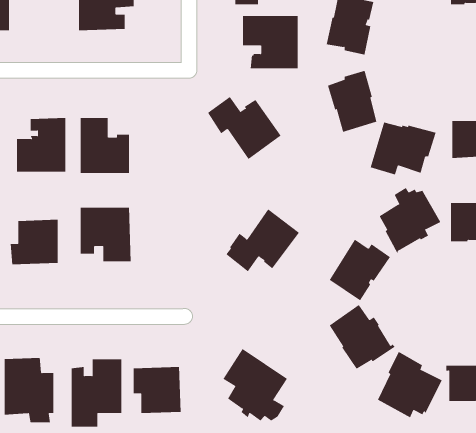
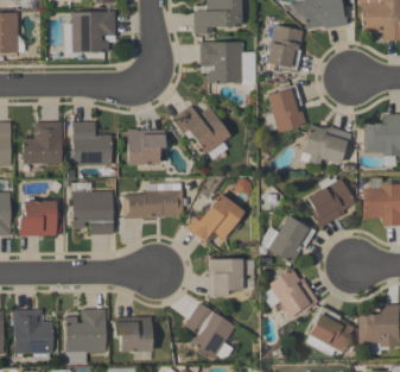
building: none -> [127,128,164,165]
building: none -> [122,182,188,219]
building: none -> [208,259,254,298]

